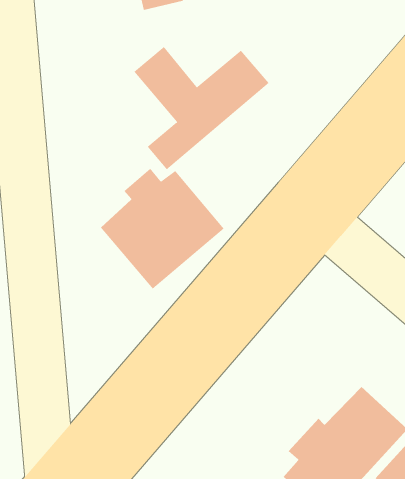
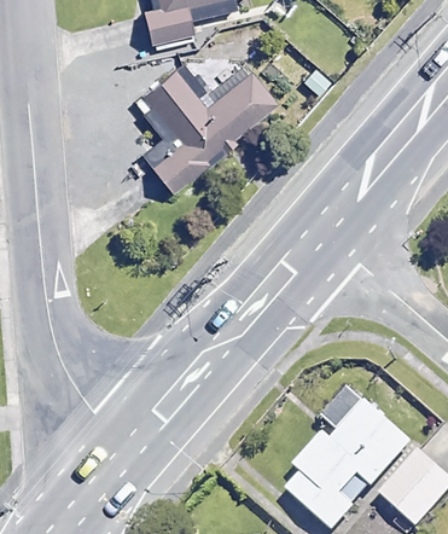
building: [100,168,225,290] -> none

